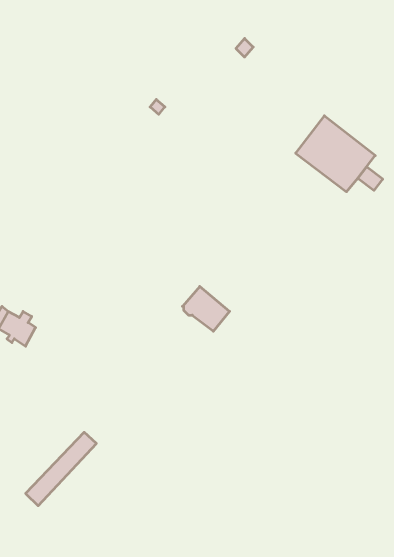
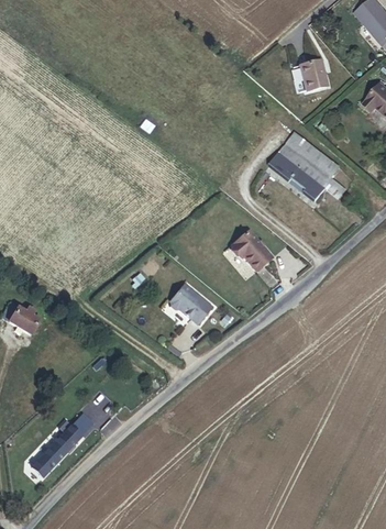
building: none -> [299,62,327,90]
building: none -> [231,230,272,271]

